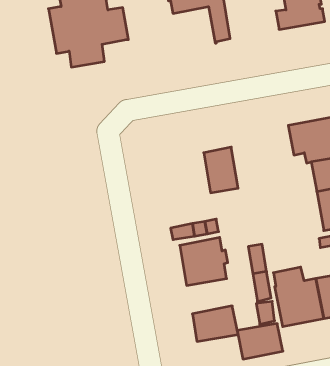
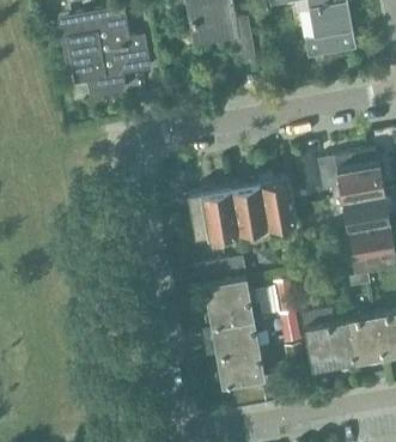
building: none -> [258,180,298,228]
building: none -> [188,190,237,240]
building: [237,324,283,359] -> [212,322,260,359]

